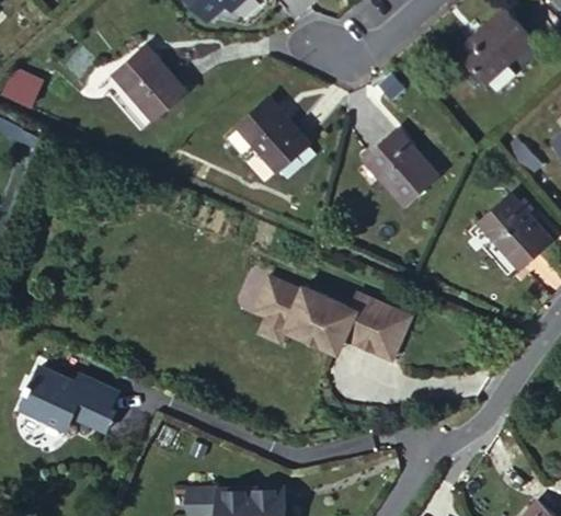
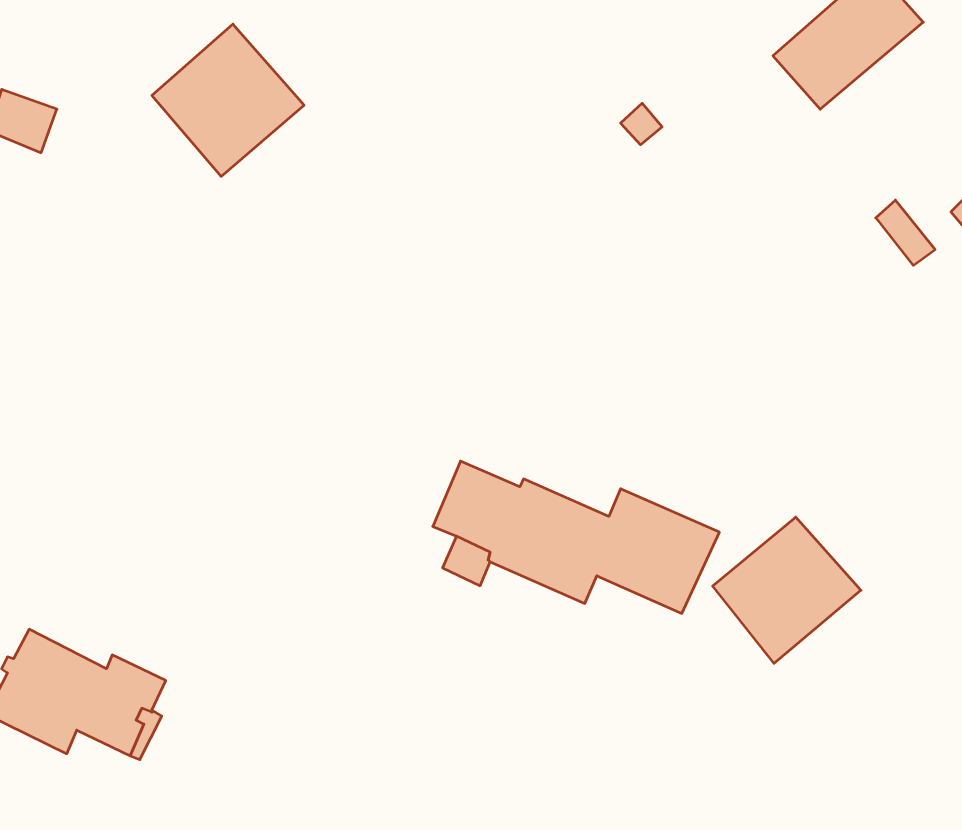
building: [226,106,300,181] -> none
building: [358,133,431,208] -> none
building: [462,196,545,277] -> [713,517,861,663]

